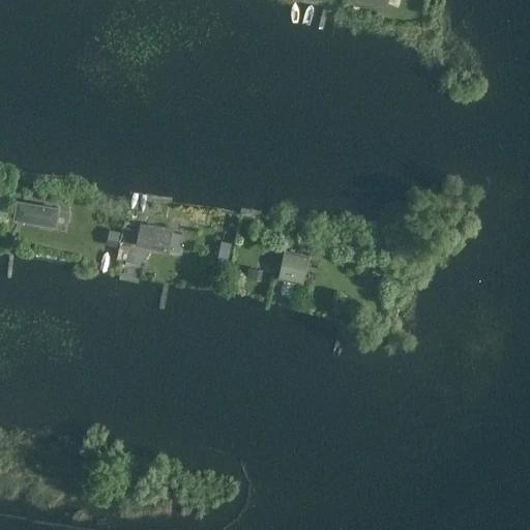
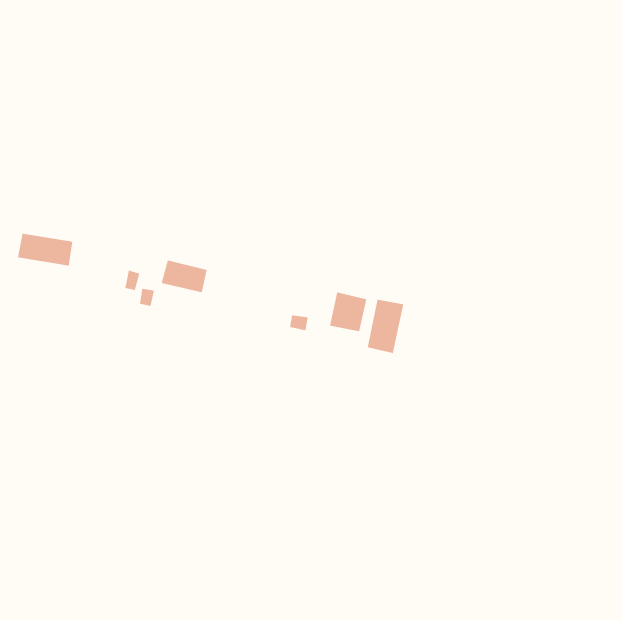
building: none -> [367,299,404,354]

